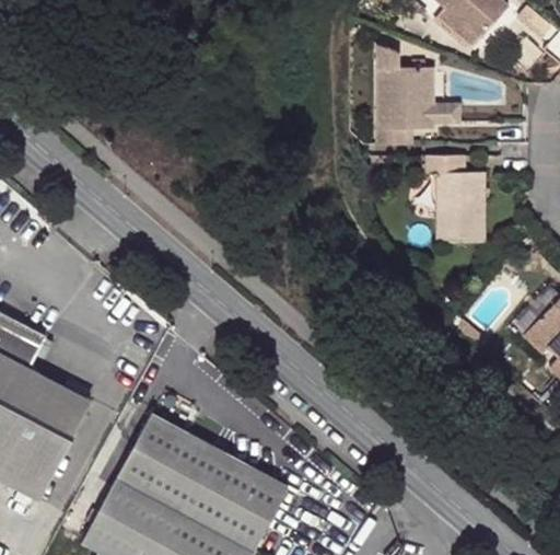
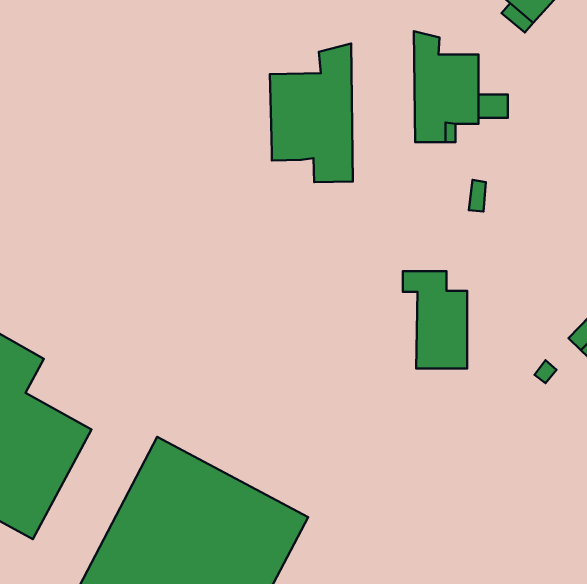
building: none -> [270,44,353,182]
building: [430,155,488,243] -> [403,271,467,369]

